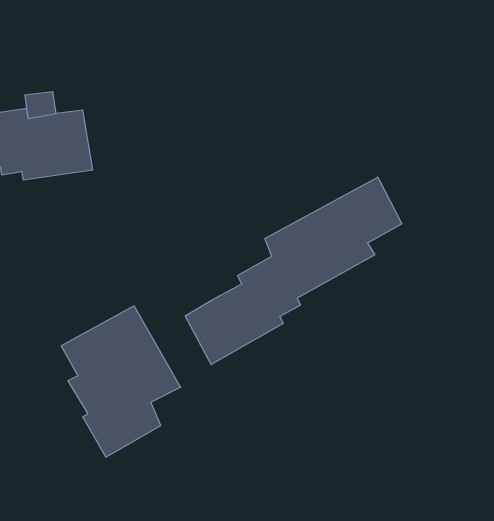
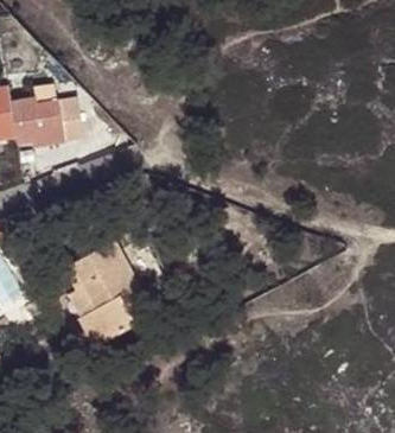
building: [185,177,402,365] -> none

